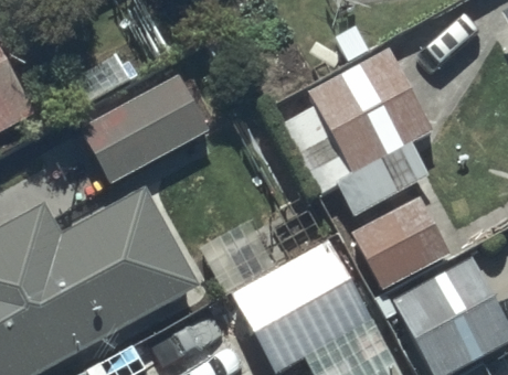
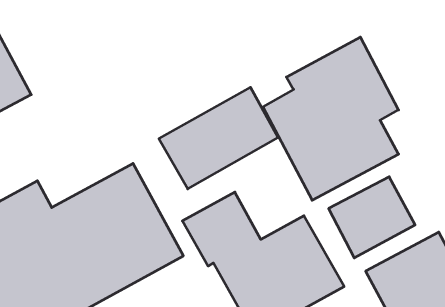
building: [81,75,209,184] -> [159,87,278,189]

